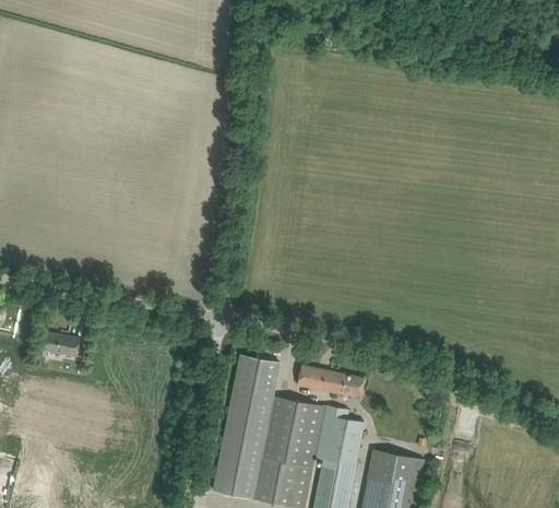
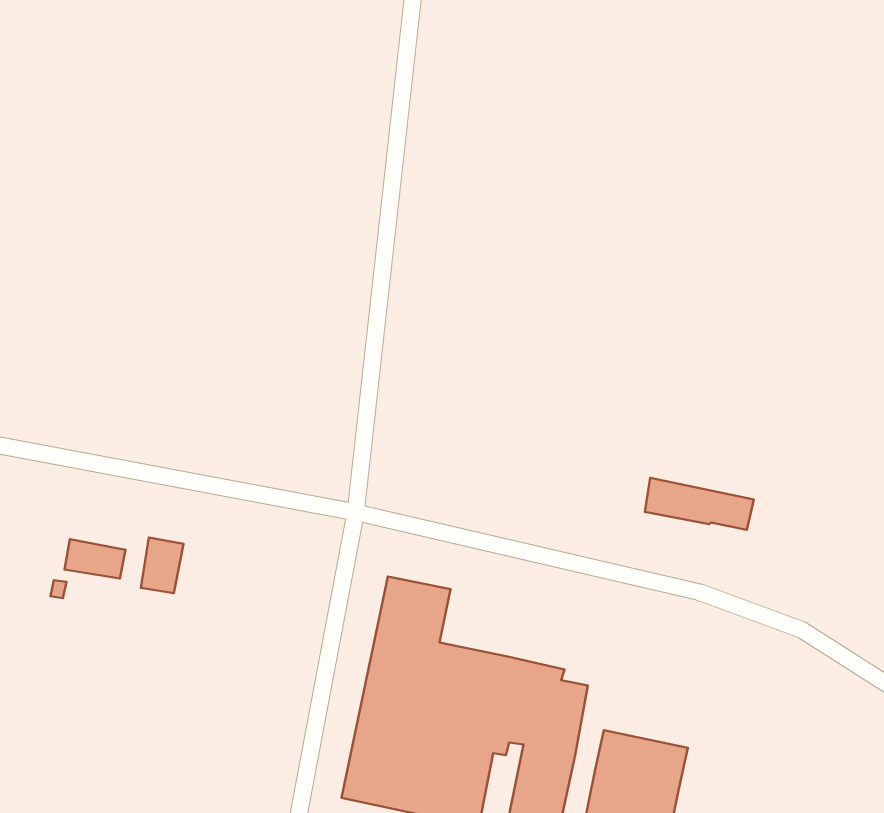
building: none -> [141,538,184,593]
building: [297,365,364,397] -> [645,478,754,530]

